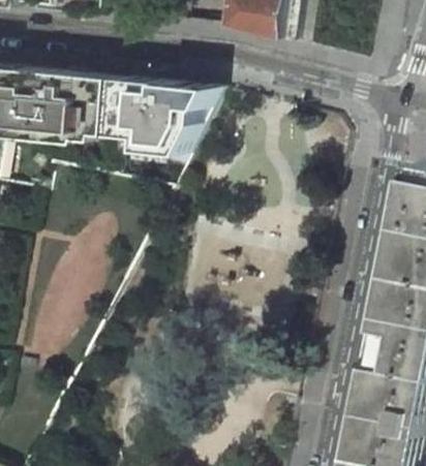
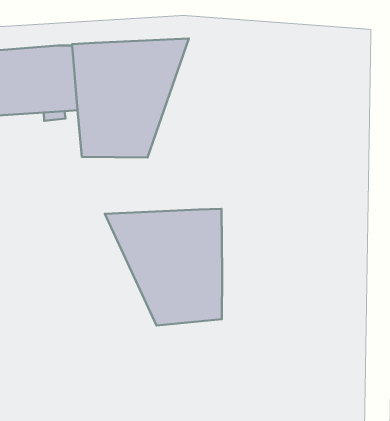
building: none -> [105,209,222,326]

